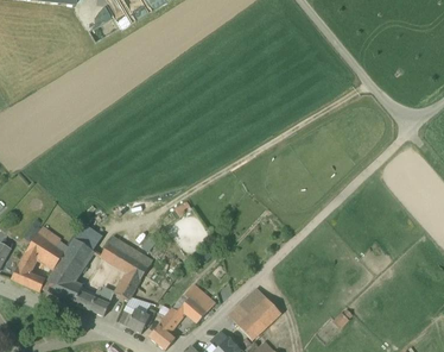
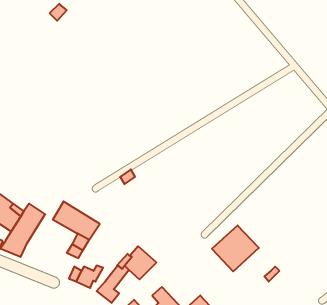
building: [64,282,113,314] -> none
building: [228,288,280,339] -> [212,225,259,271]

